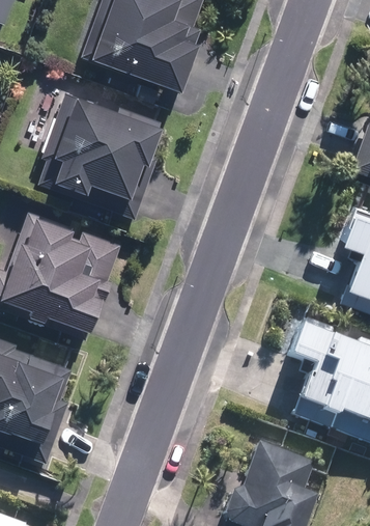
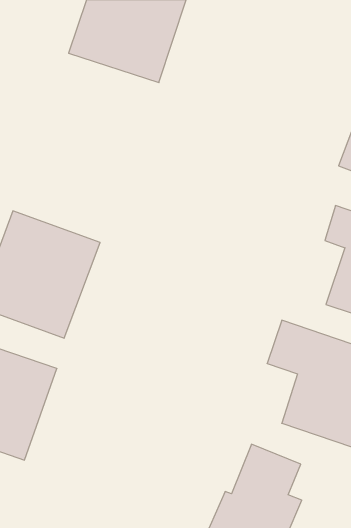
building: [40,91,162,213] -> none

